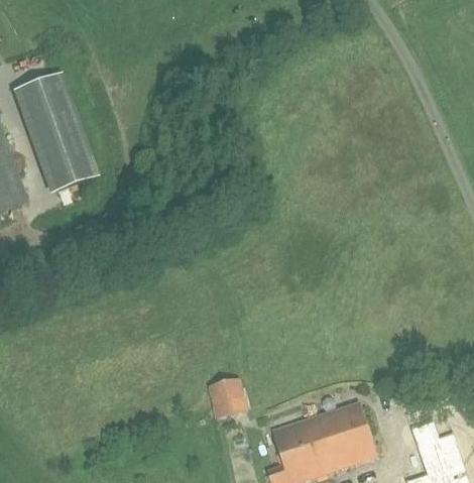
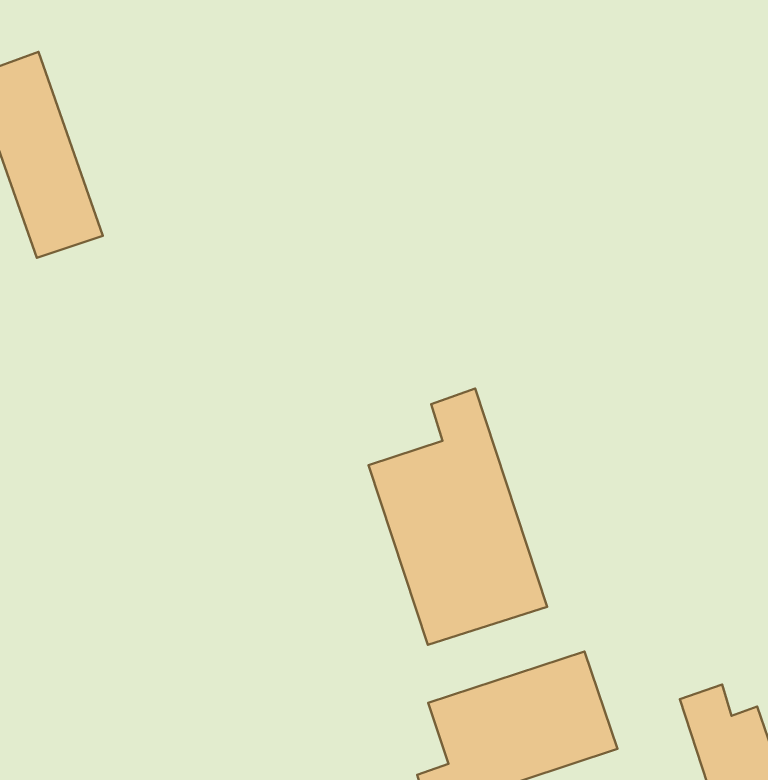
building: none -> [368,388,547,645]
building: [208,378,246,416] -> none

